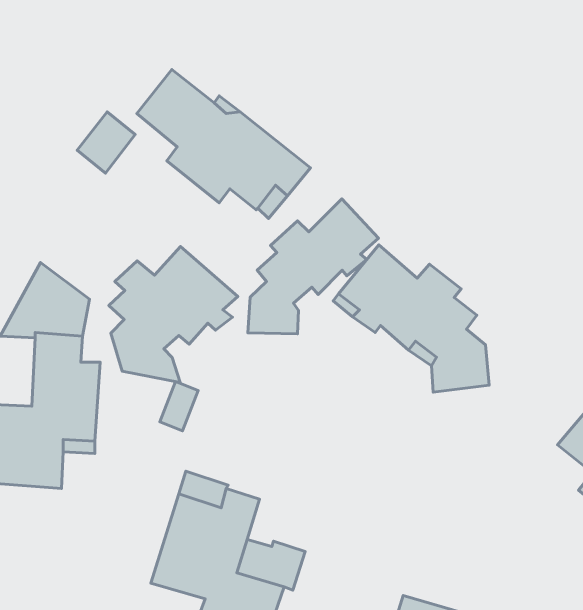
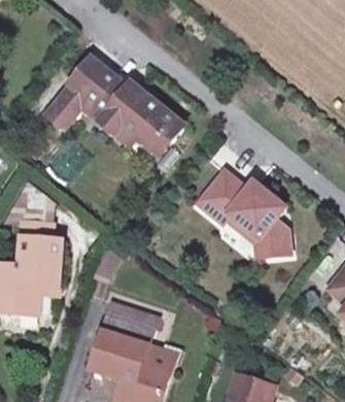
building: none -> [64,58,105,121]
building: [248,199,379,334] -> none
building: [109,246,238,382] -> none

